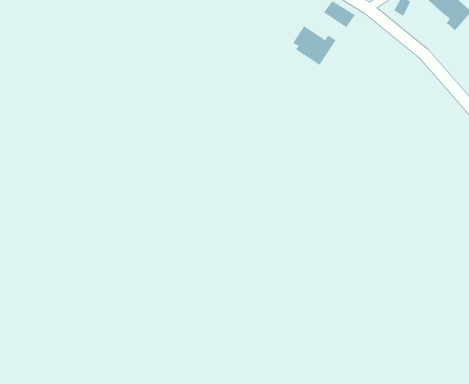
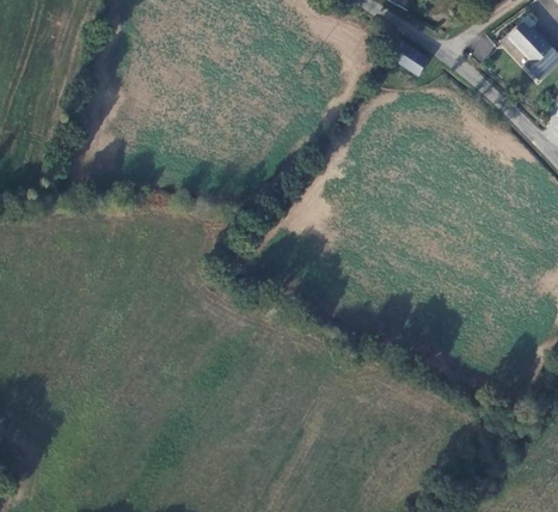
building: [292,25,337,66] -> none

